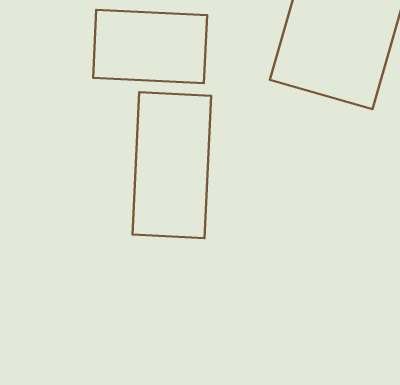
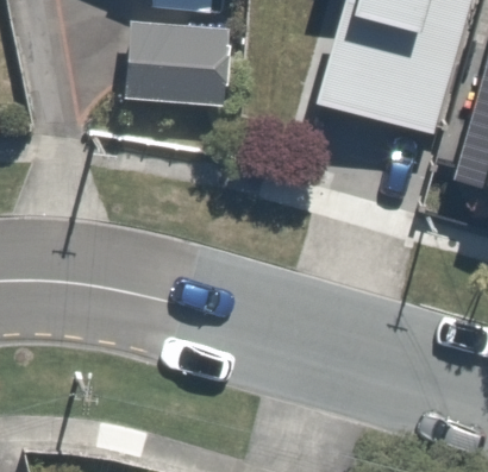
building: [132,92,211,238] -> none

